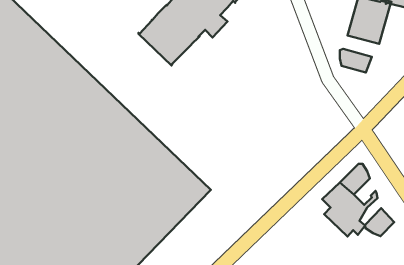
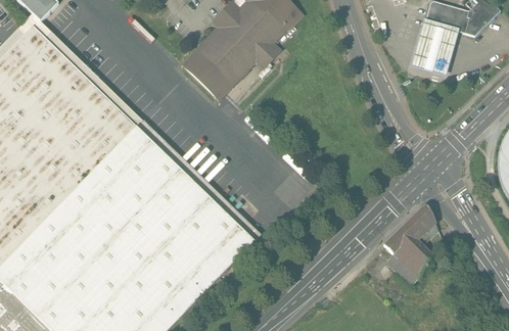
building: [340,49,372,73] -> none
building: [365,208,394,236] -> none

